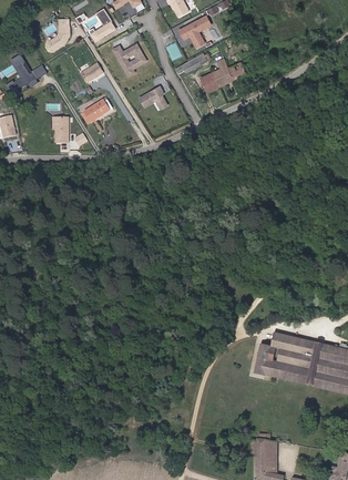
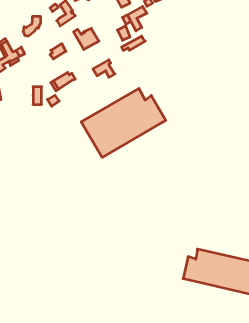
building: [201,59,245,90] -> none
building: none -> [81,88,166,157]

